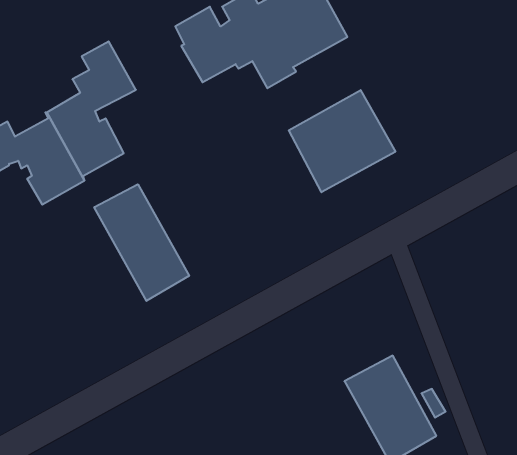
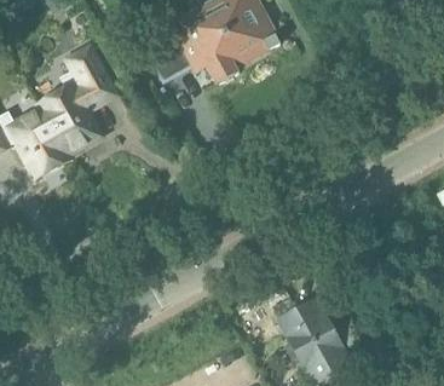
building: [289,90,395,192] -> none
building: [94,184,189,301] -> none

